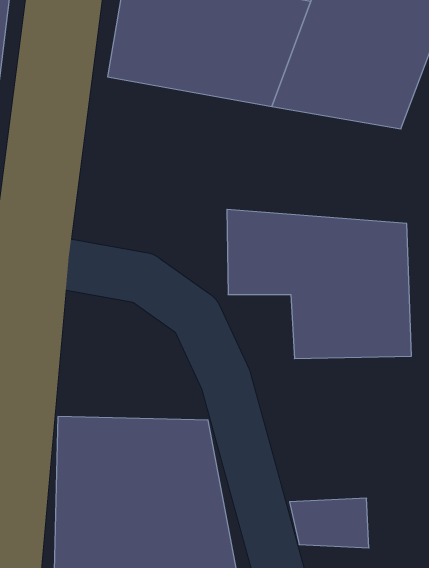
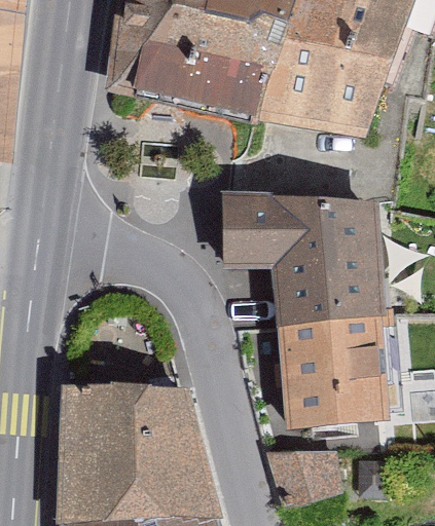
building: none -> [275,329,380,427]

